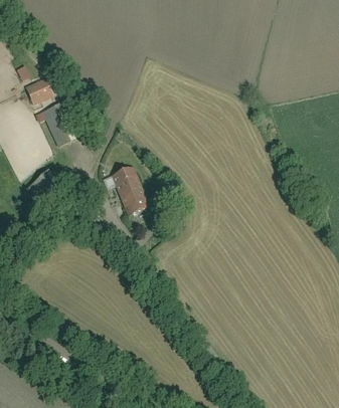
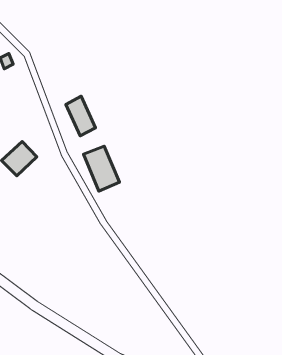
building: [25,77,53,106] -> none
building: [42,103,75,147] -> [66,96,96,136]

